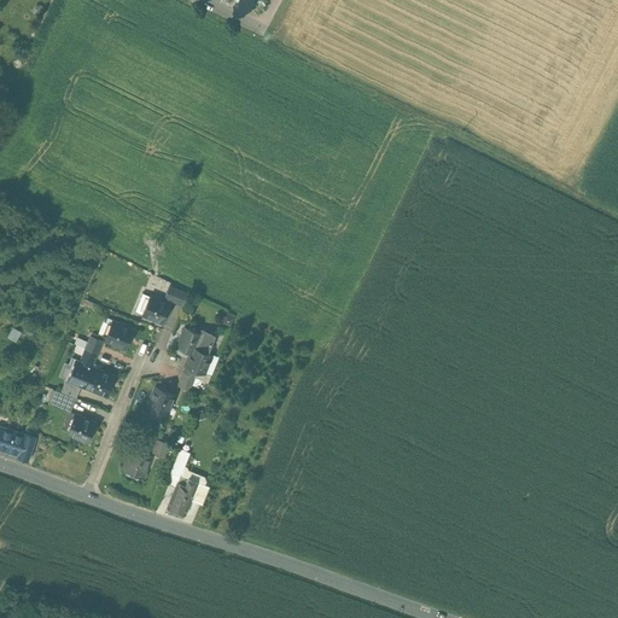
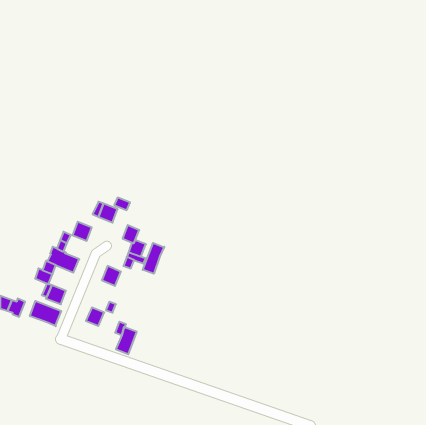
building: none -> [143,243,164,274]
building: none -> [30,301,61,326]

